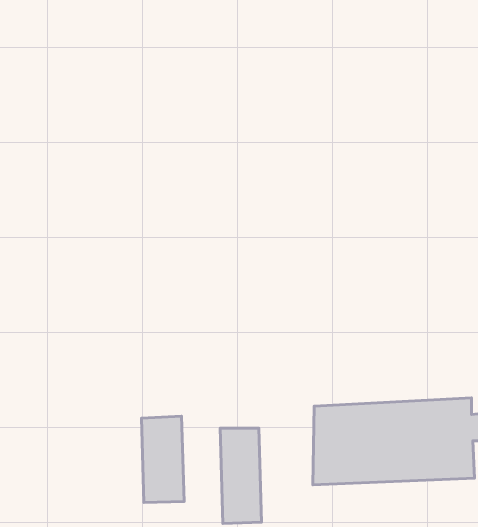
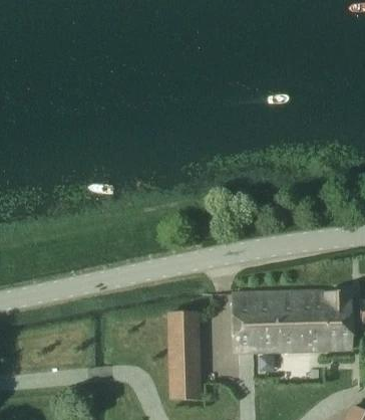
building: [141,416,184,502] -> none

